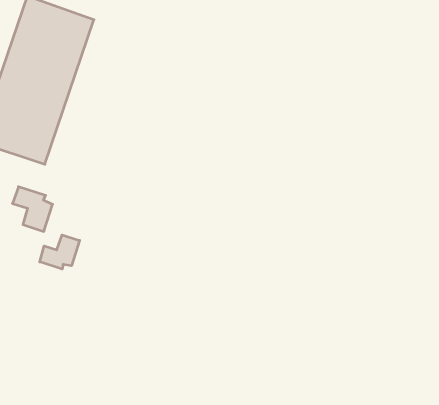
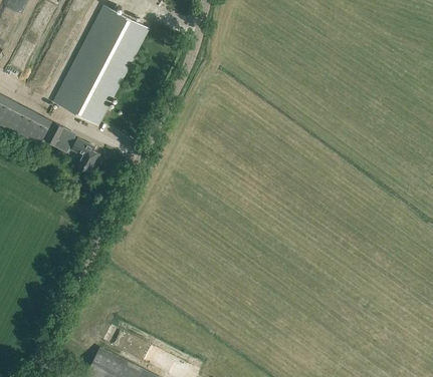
building: [40,235,80,269] -> none

